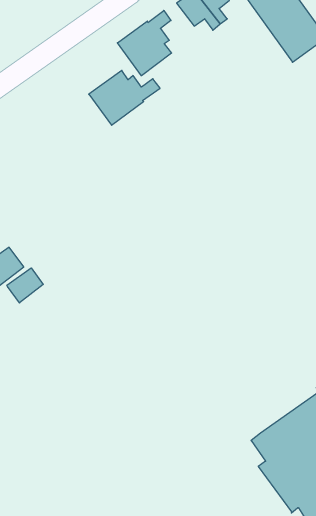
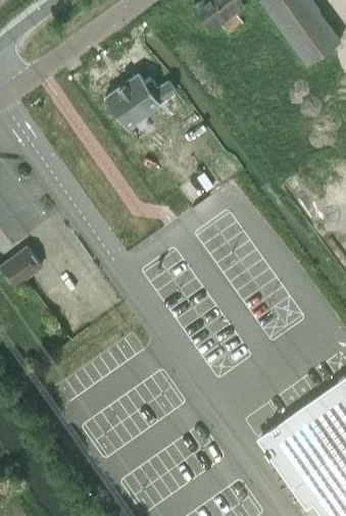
building: [117,10,172,76] -> none
building: [7,268,43,303] -> none

